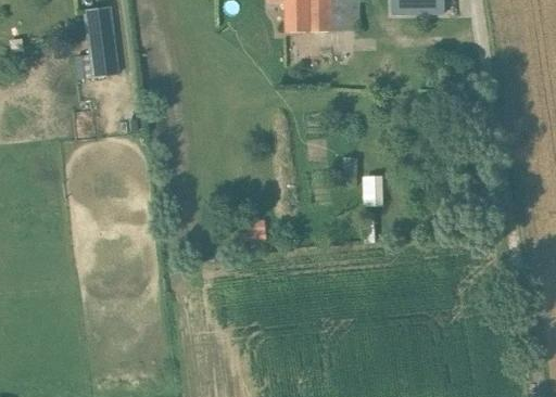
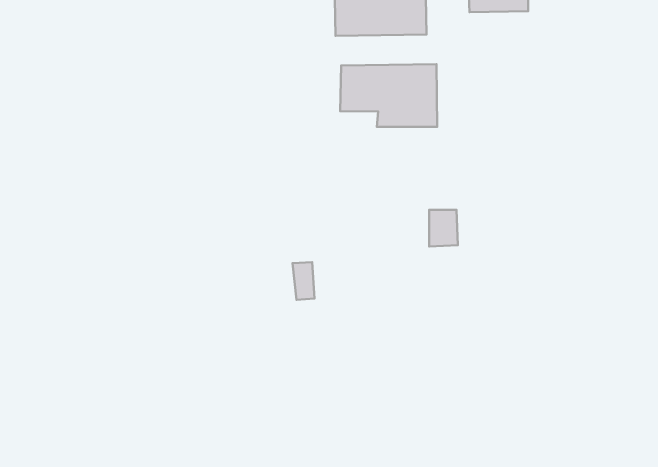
building: [71,8,117,82] -> none
building: none -> [340,64,437,127]

